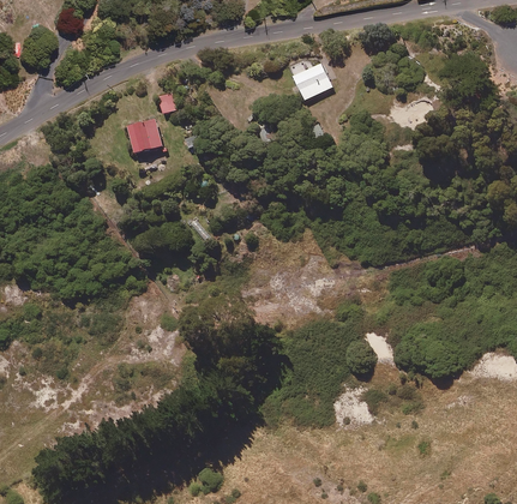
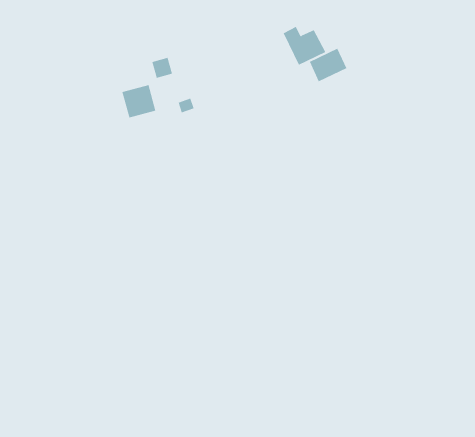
building: none -> [309,48,347,82]

